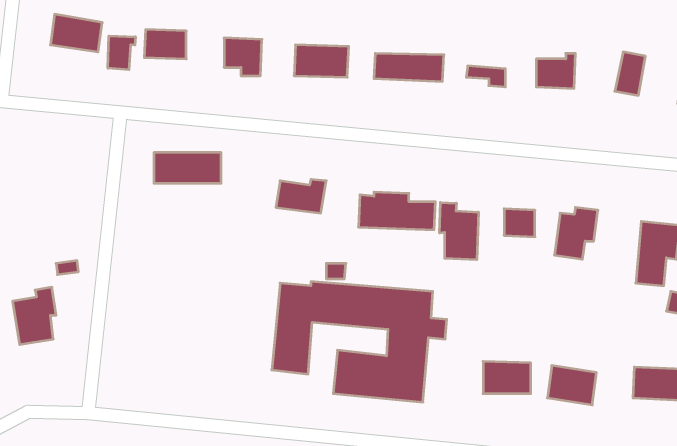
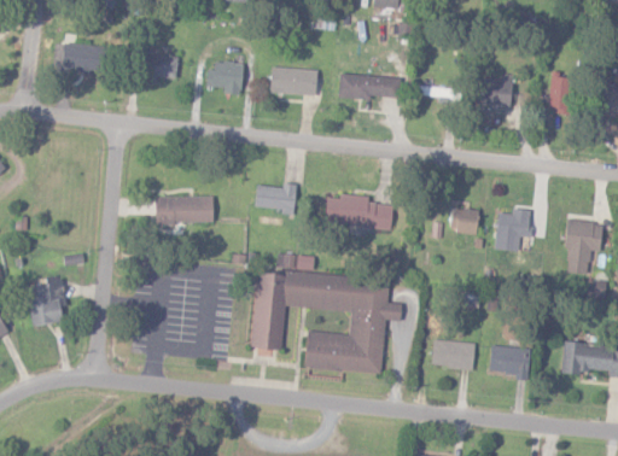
building: [108,36,135,70] -> none
building: [154,153,221,183] -> [156,197,214,223]
building: [440,202,478,260] -> none

